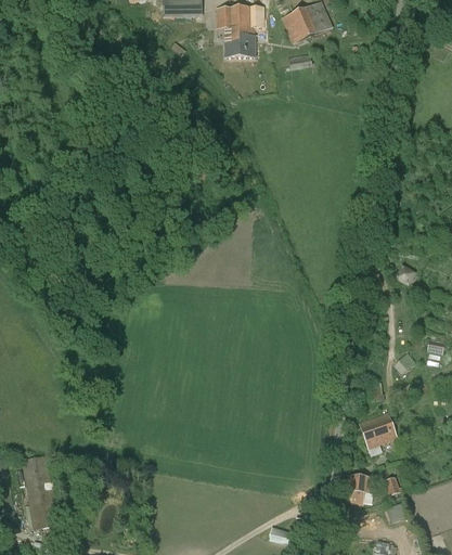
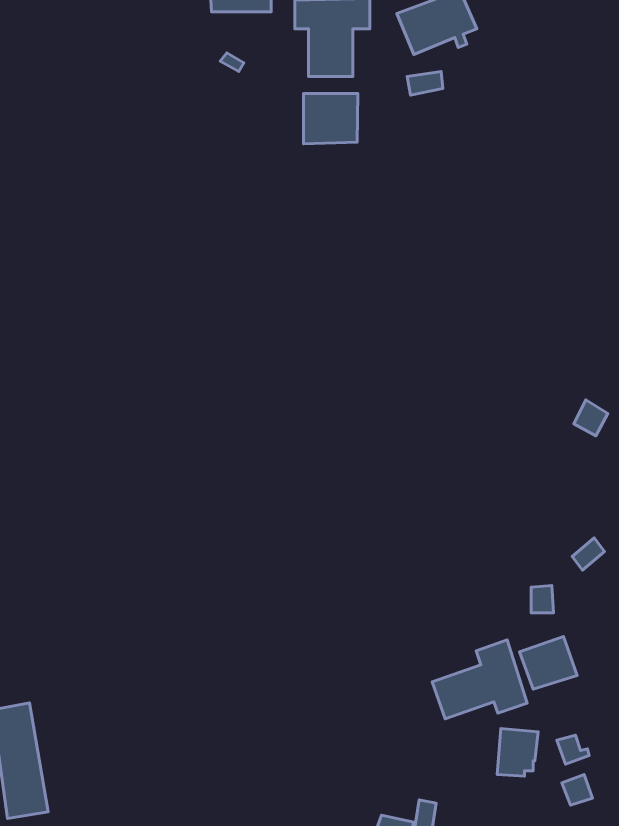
building: none -> [303,94,358,144]
building: none -> [432,640,527,719]

